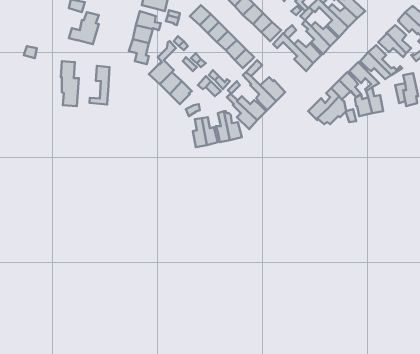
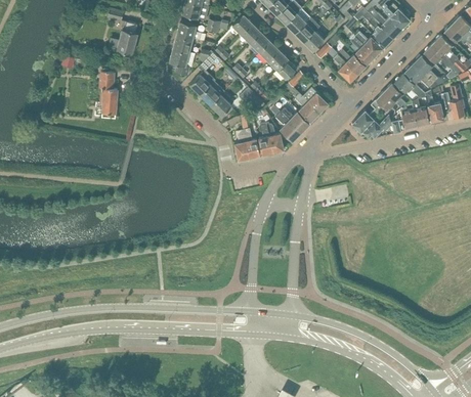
building: [89,66,110,105] -> none
building: none -> [425,79,449,122]

